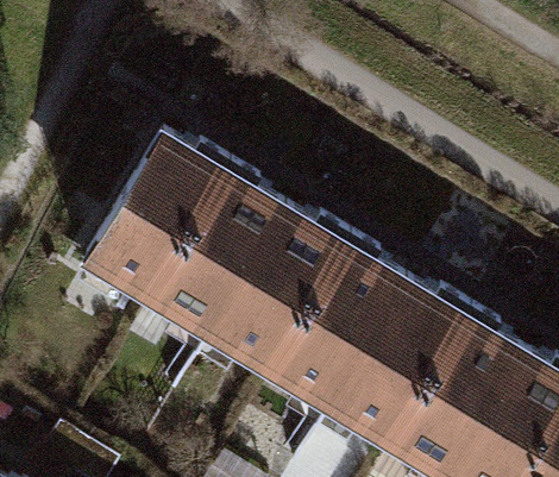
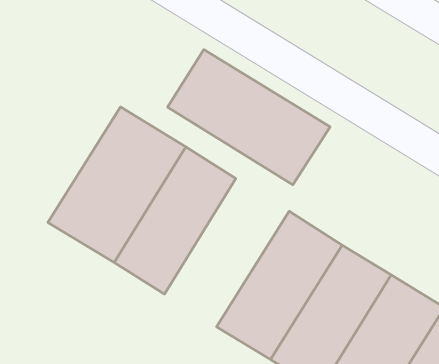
building: none -> [167,49,330,185]
building: [212,211,357,383] -> none

